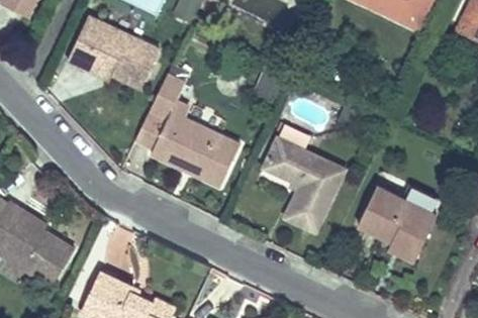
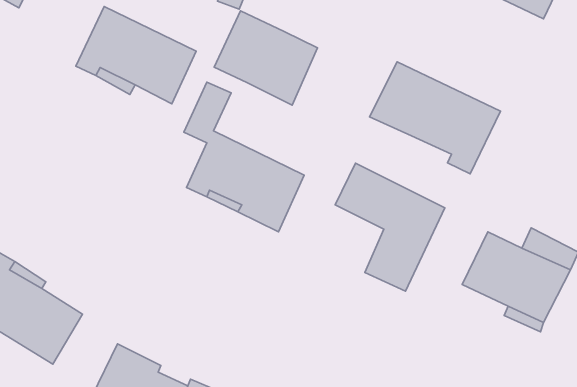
building: none -> [214,11,318,105]
building: none -> [369,62,501,174]

